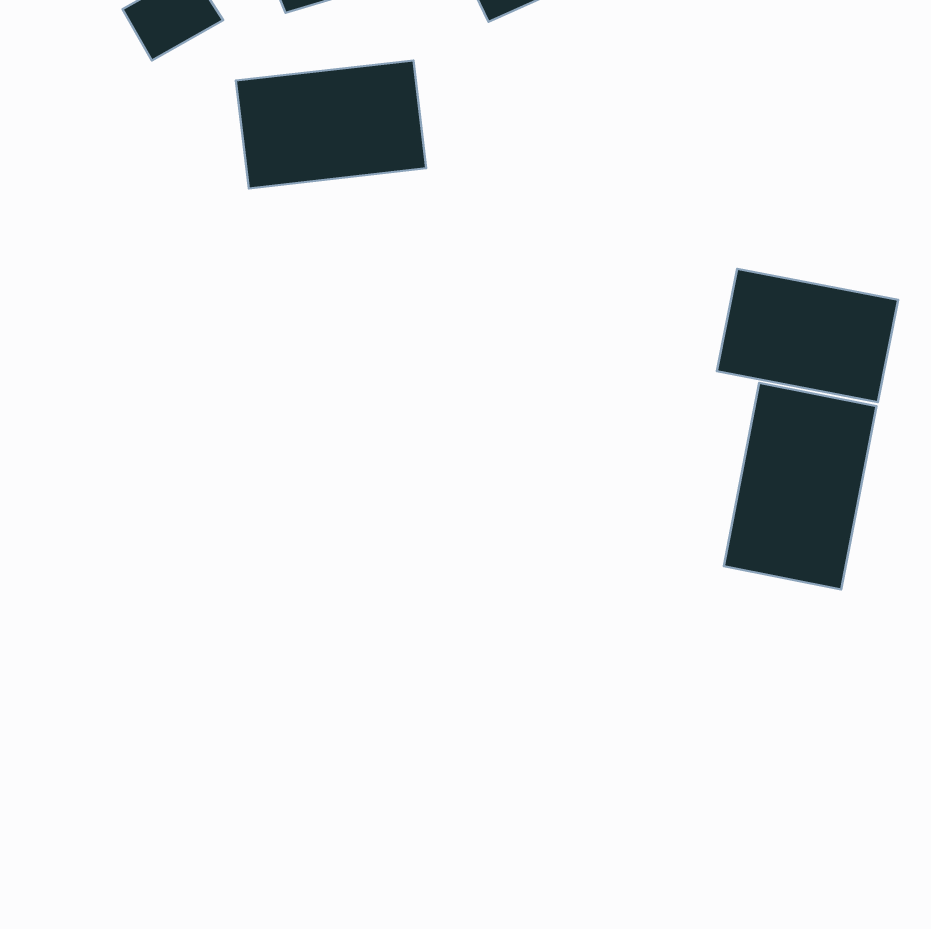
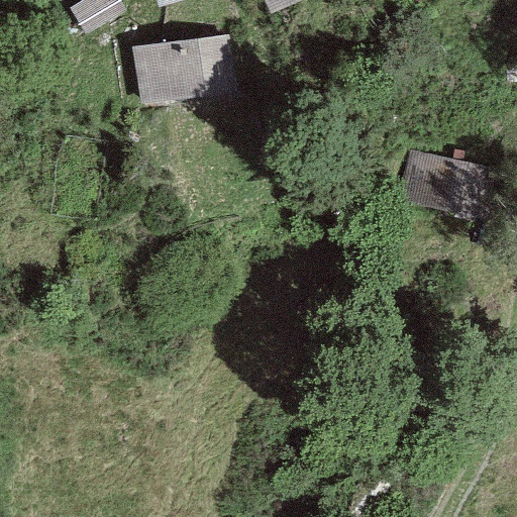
building: [724,383,877,589] -> none

